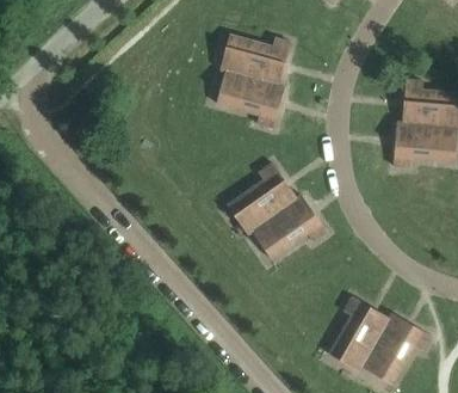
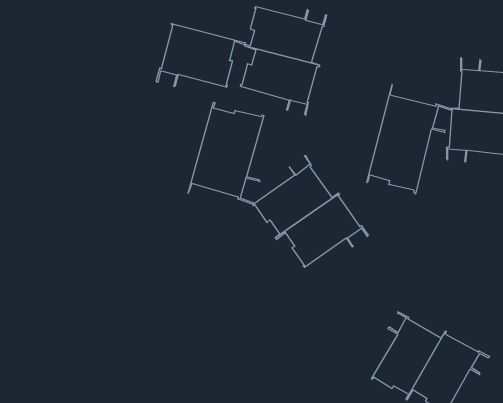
building: none -> [156,23,245,87]
building: none -> [367,85,451,194]
building: none -> [188,102,264,205]

